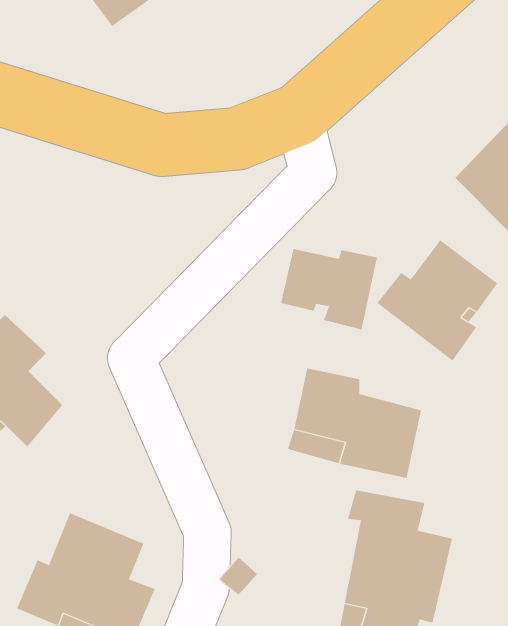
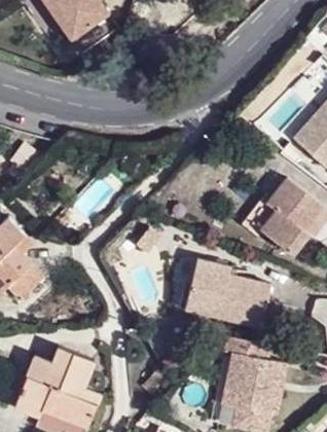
building: [281,248,378,330] -> none

